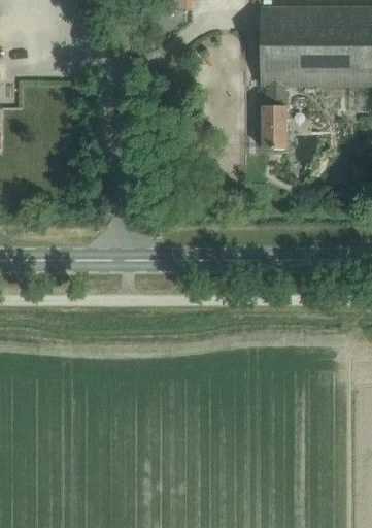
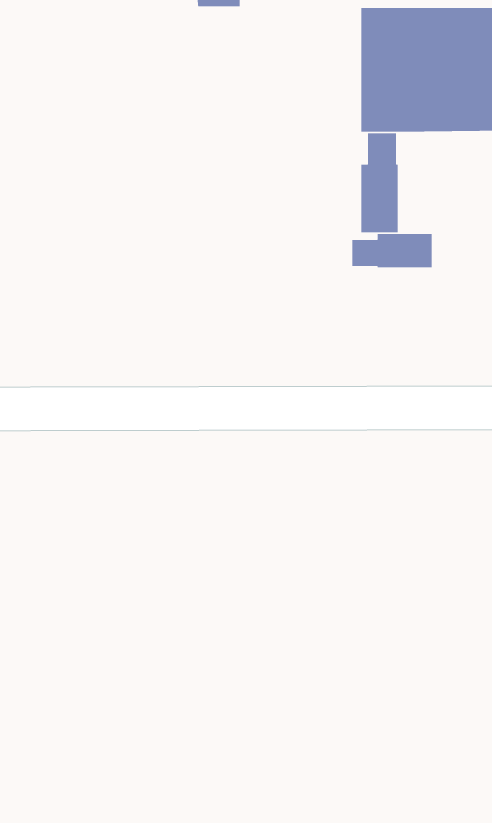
building: none -> [352,233,433,268]

